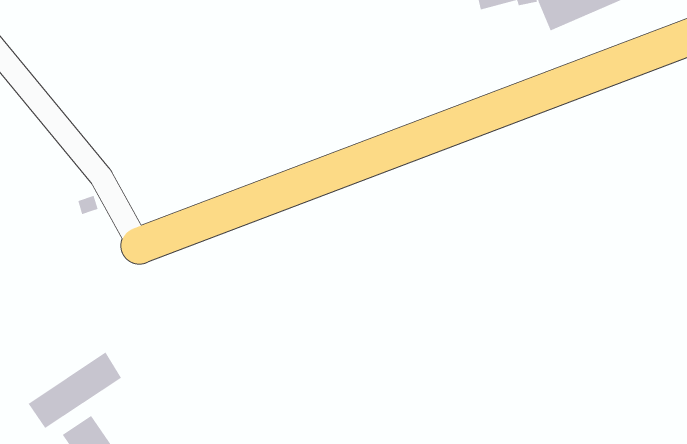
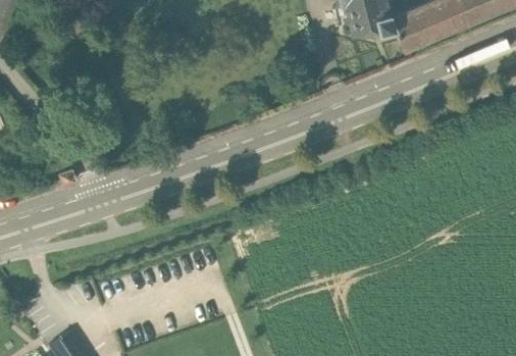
building: [28,351,122,429] -> none

